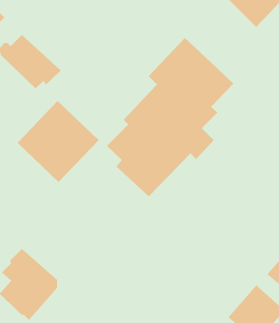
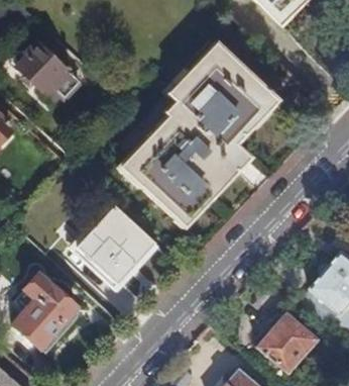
building: [17,100,99,183] -> [75,200,164,290]

